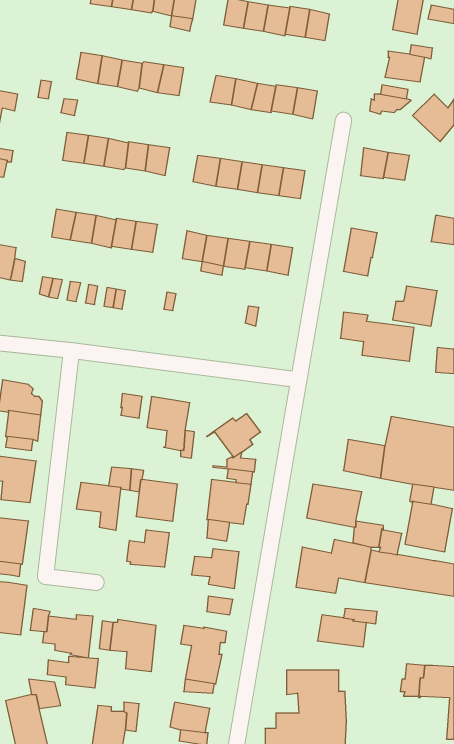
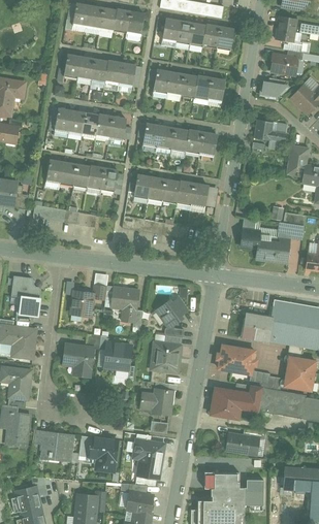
building: [343,228,377,276] -> [286,145,309,177]
building: none -> [71,291,94,317]
building: [127,530,169,567] -> none
building: [48,656,98,688] -> none
building: none -> [244,478,262,510]

